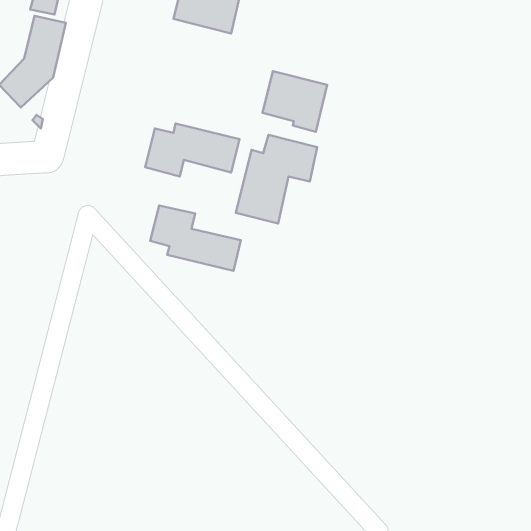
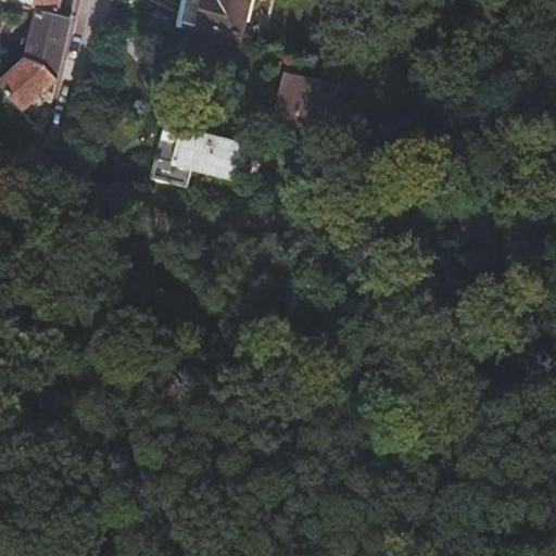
building: [236,135,317,223] -> none
building: [150,205,241,271] -> none

